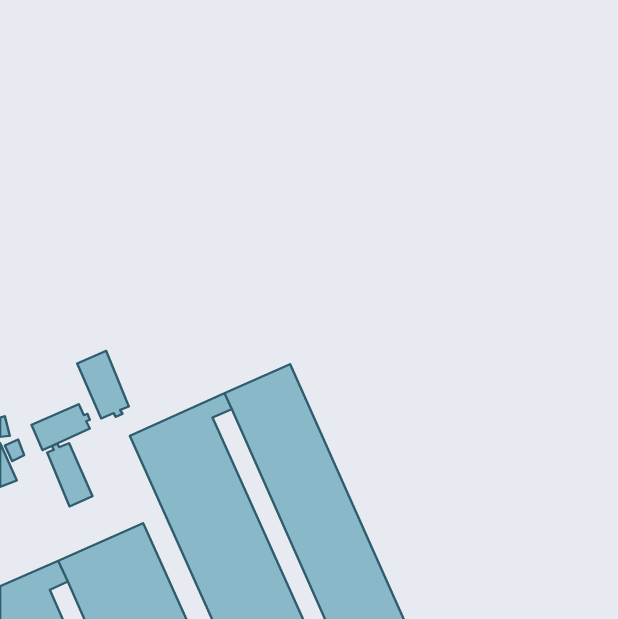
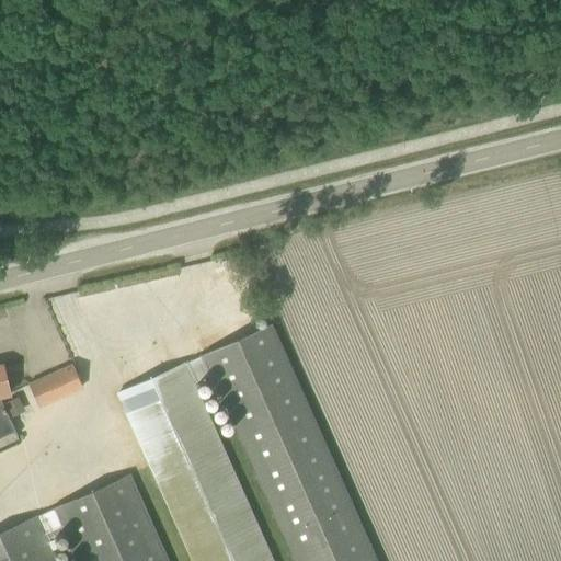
building: [77,351,129,418] -> none
building: [47,443,92,506] -> none

